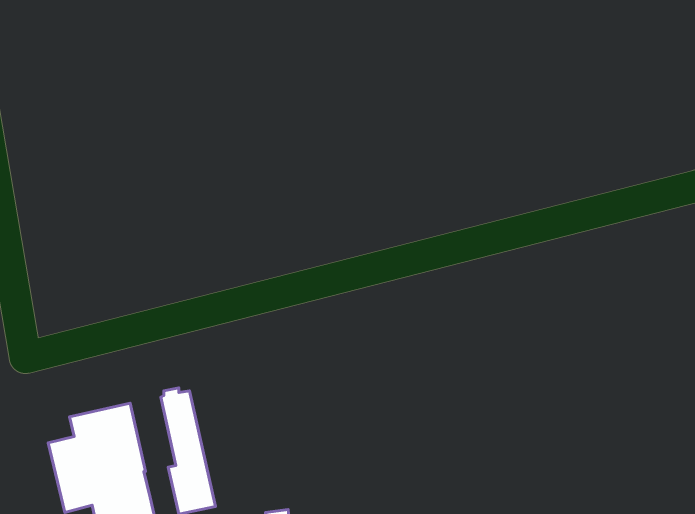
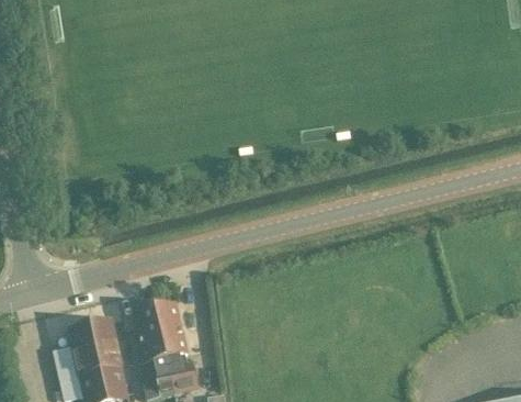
building: none -> [154,300,199,391]

